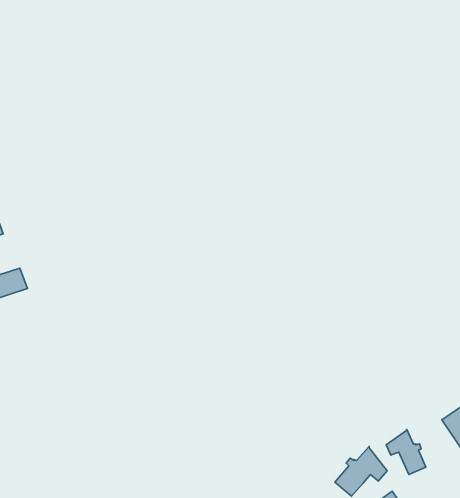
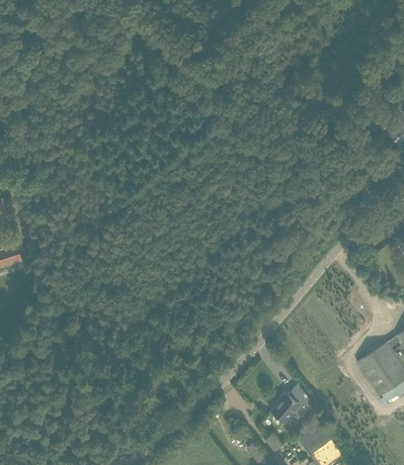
building: [386,430,426,474] -> none

